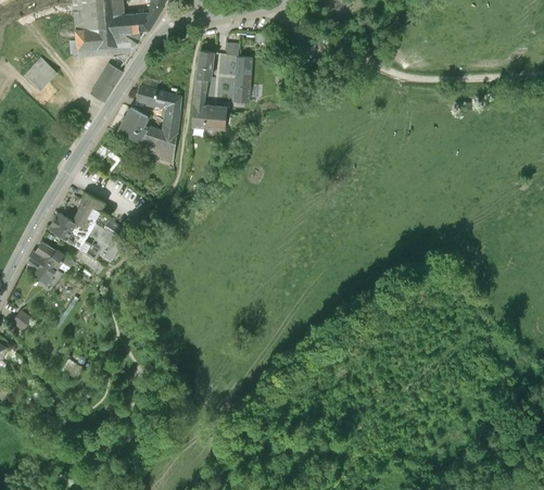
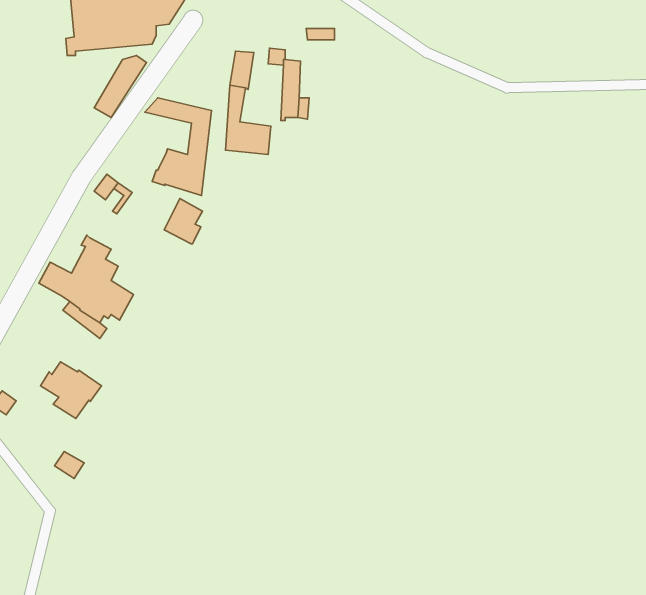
building: [23,56,56,90] -> none
building: [117,106,147,141] -> [164,199,202,244]
building: [26,242,73,286] -> [41,362,101,418]

